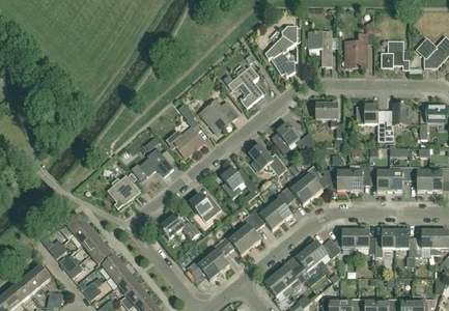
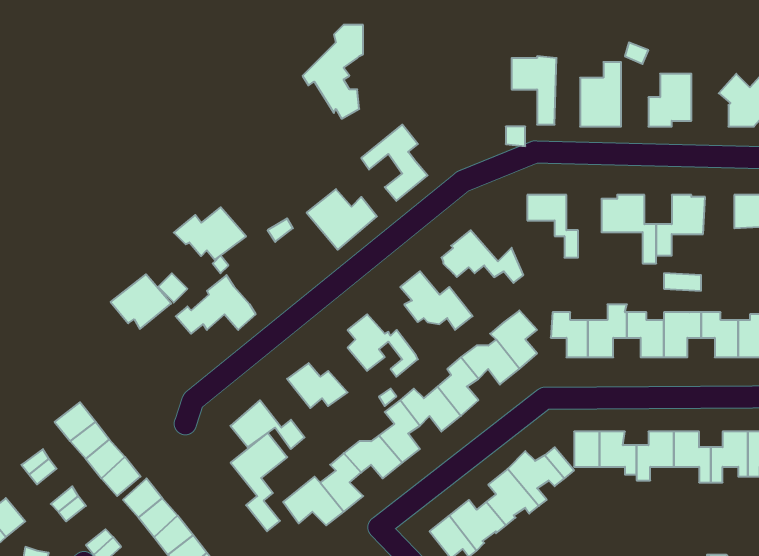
building: [264,27,297,77] -> [303,25,363,119]
building: [166,128,204,155] -> [174,207,246,260]
building: [107,176,139,205] -> [111,274,171,329]
building: none -> [231,433,287,531]

